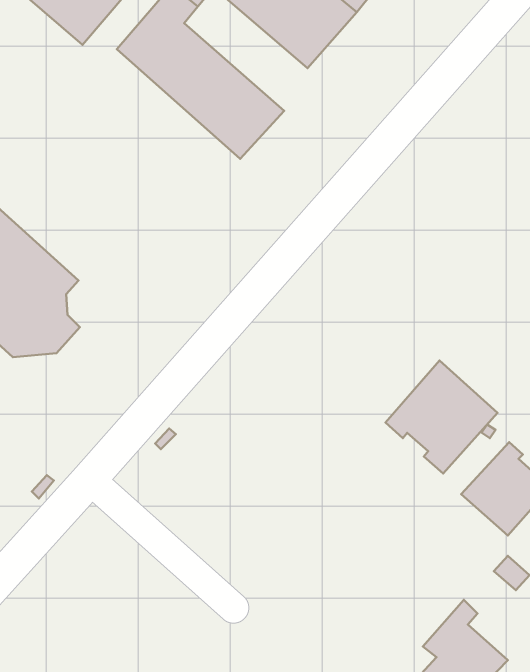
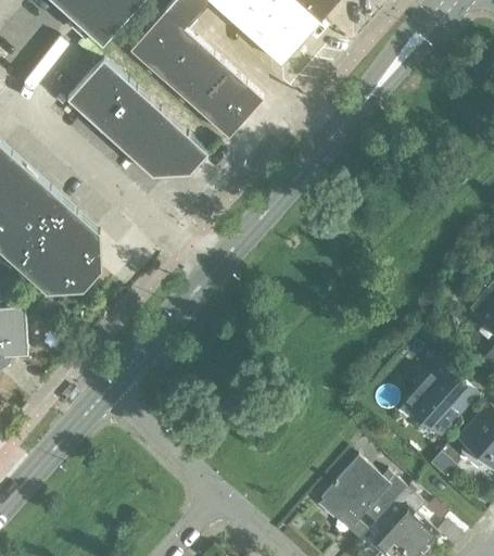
building: none -> [66,59,207,176]
building: [385,360,498,473] -> none
building: none -> [319,456,405,528]

